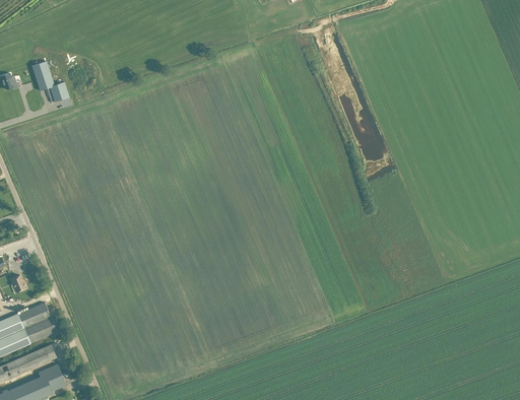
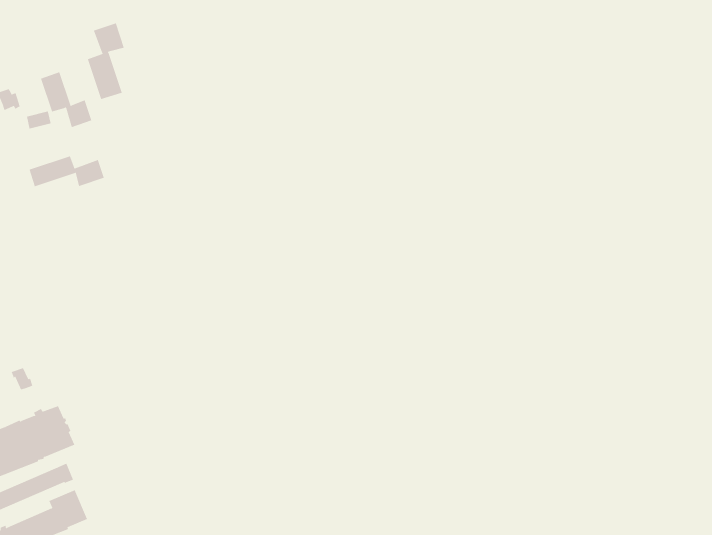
building: none -> [87,22,125,100]
building: none -> [29,155,104,187]

